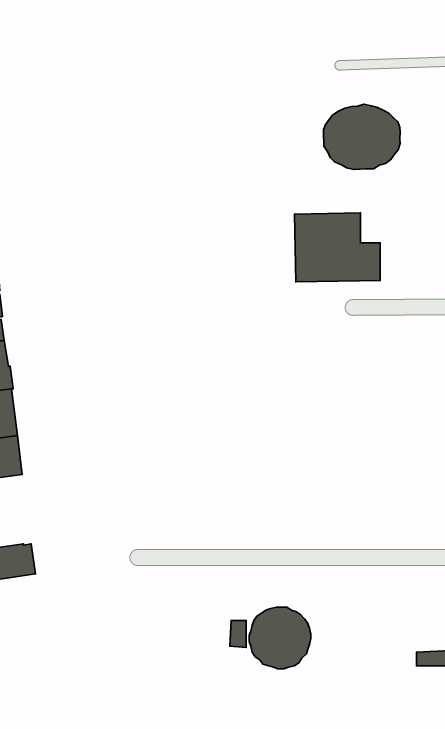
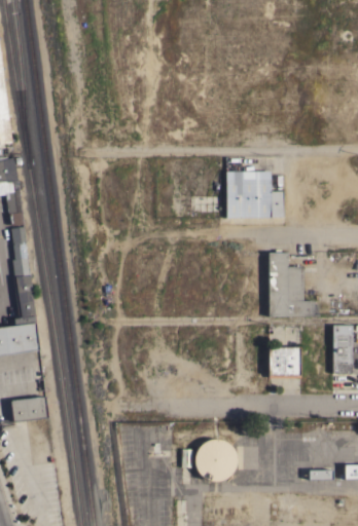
building: [323,104,400,169] -> none
building: none -> [268,252,314,315]
building: none -> [268,347,300,378]

